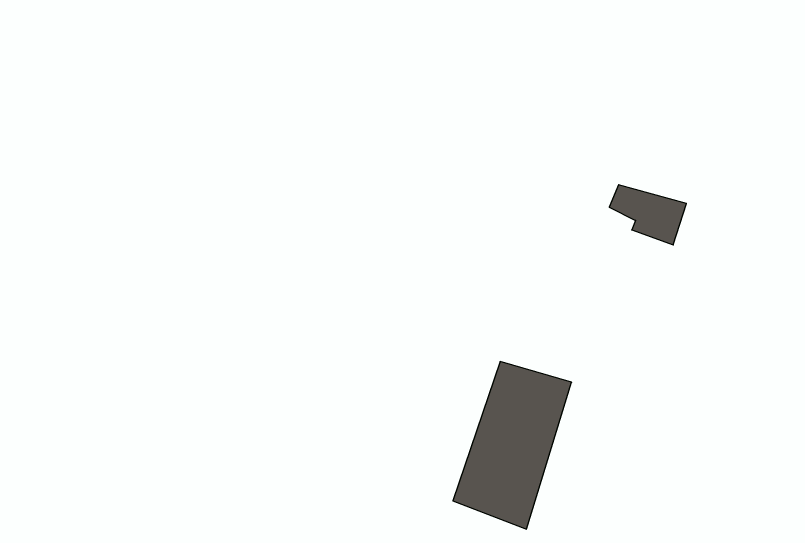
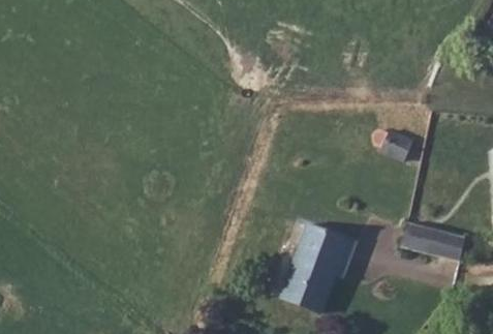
building: none -> [400,222,456,254]

